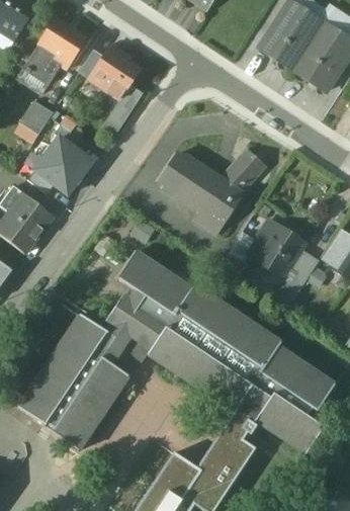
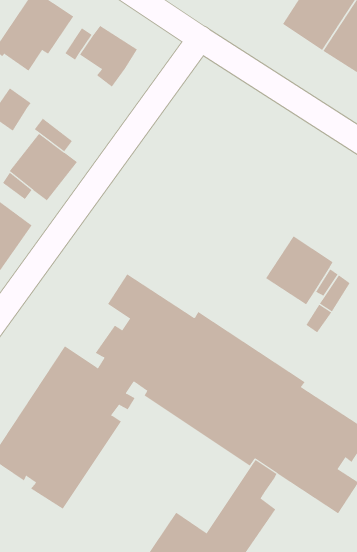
building: [103,84,144,132] -> none
building: [158,149,264,234] -> none

